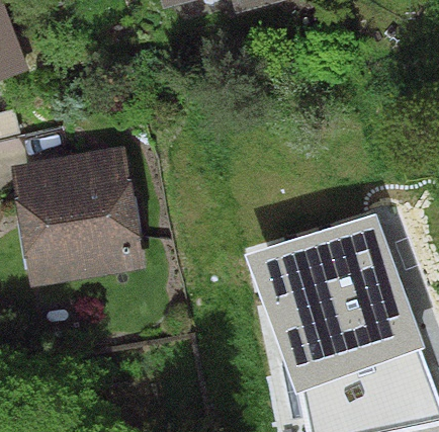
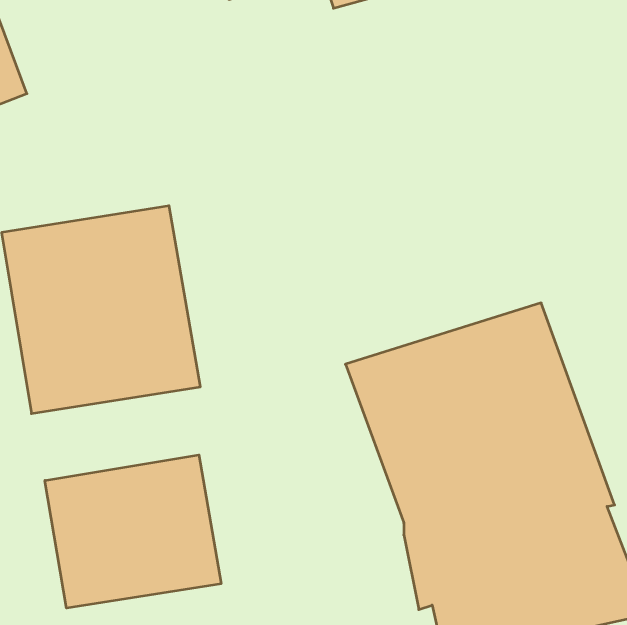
building: none -> [45,455,221,608]

